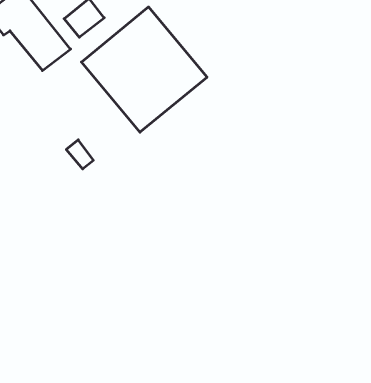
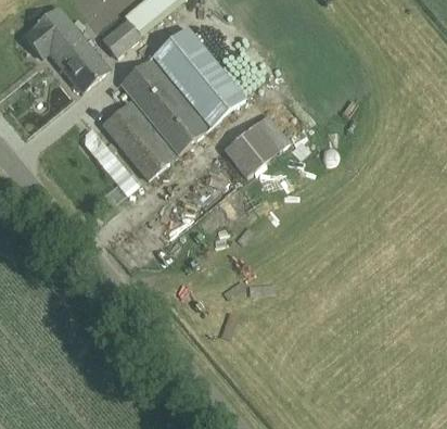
building: none -> [102,102,174,178]
building: none -> [224,113,290,176]

